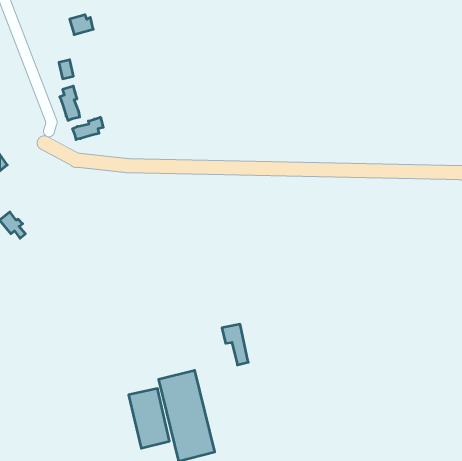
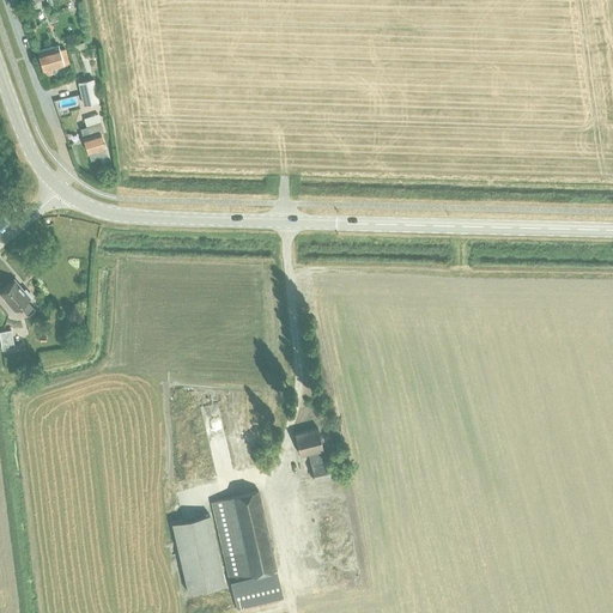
building: [70,15,93,35] -> [36,45,67,72]
building: [73,117,103,140] -> none

